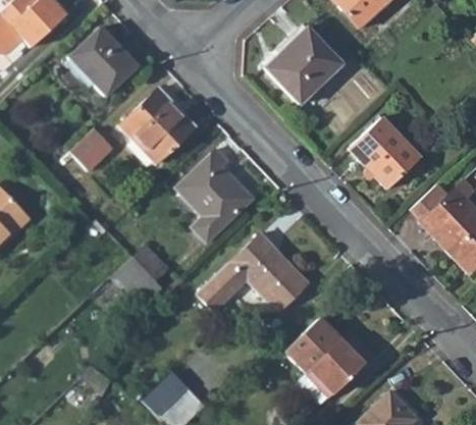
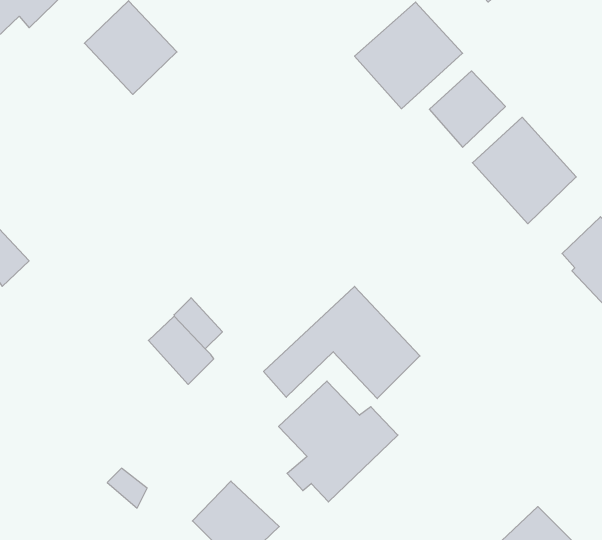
building: none -> [429,71,505,147]
building: [120,90,195,164] -> none
building: [71,127,116,171] -> none
building: [179,150,252,242] -> none
building: [289,322,375,409] -> [279,381,398,502]

